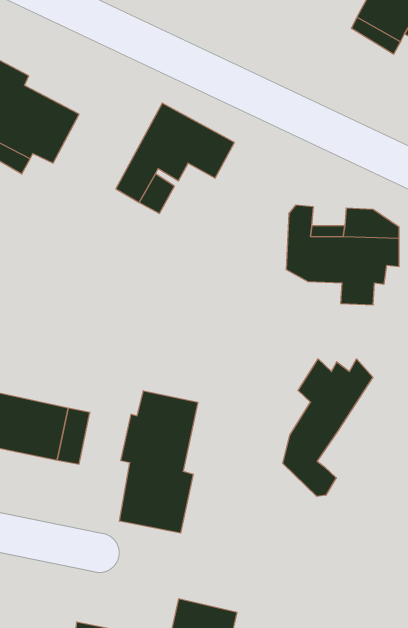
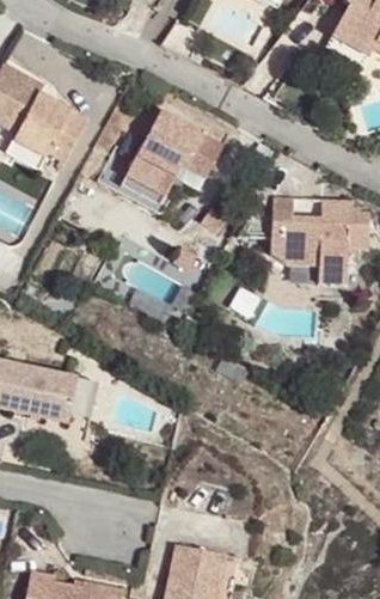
building: [283,359,373,496] -> none
building: [119,391,198,533] -> none

